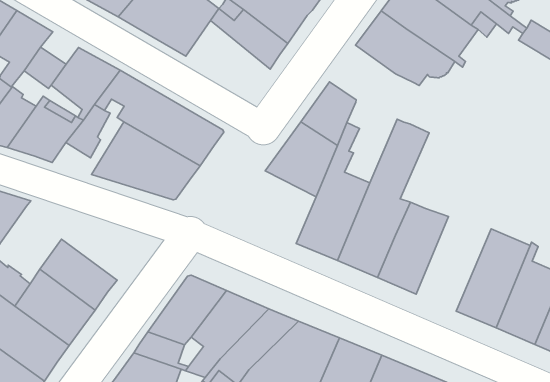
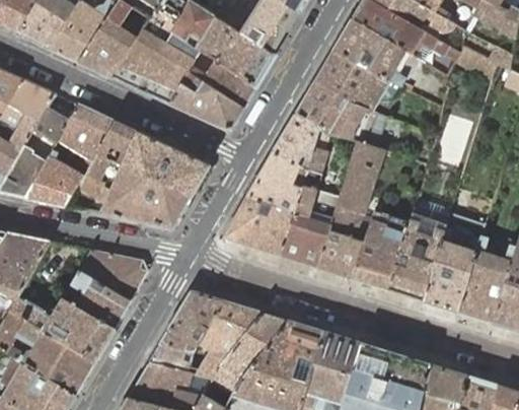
building: none -> [169,72,242,130]
building: none -> [294,81,377,144]
building: none -> [222,196,292,256]
building: none -> [385,206,444,300]
building: none -> [78,250,147,301]

